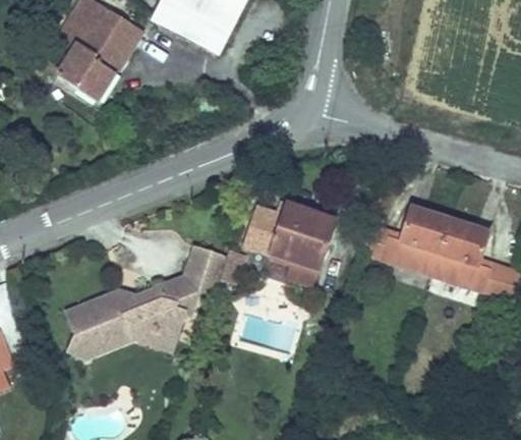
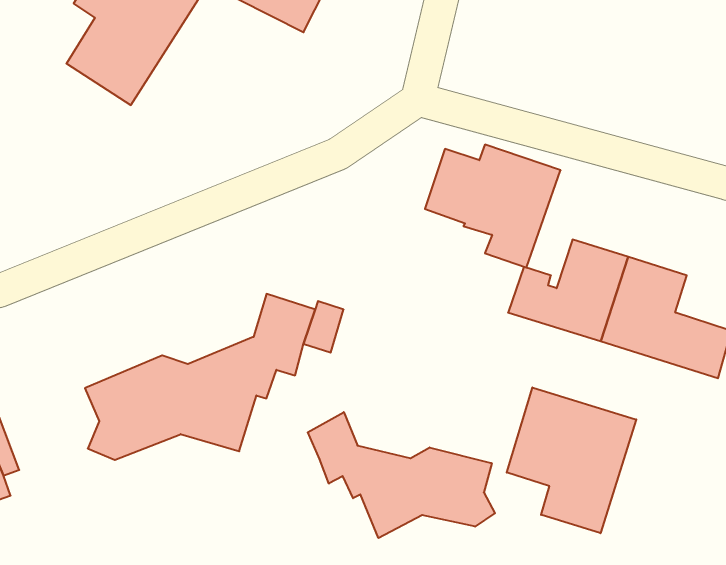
building: [241,200,338,287] -> [425,145,561,268]
building: none -> [507,387,636,533]
building: none -> [308,412,495,538]

